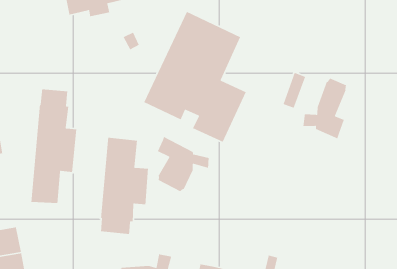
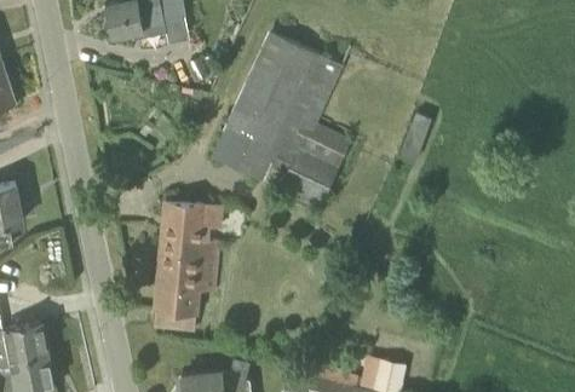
building: [303,77,347,140] -> none
building: [30,88,77,204] -> none
building: [157,136,210,192] -> none

